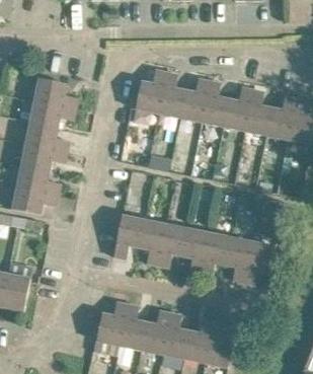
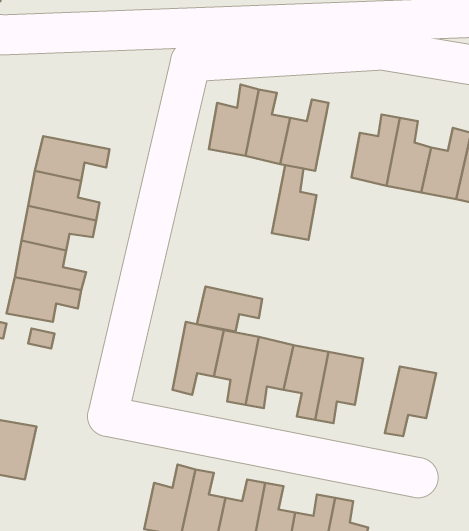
building: [34,77,78,108] -> none
building: [201,80,228,126] -> [272,165,317,240]
building: none -> [197,287,262,331]
building: [225,236,252,282] -> none

